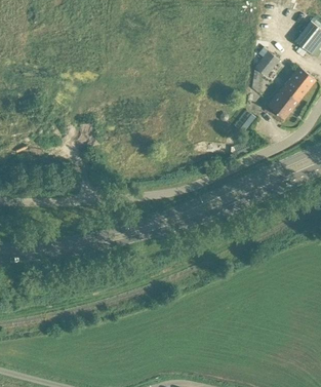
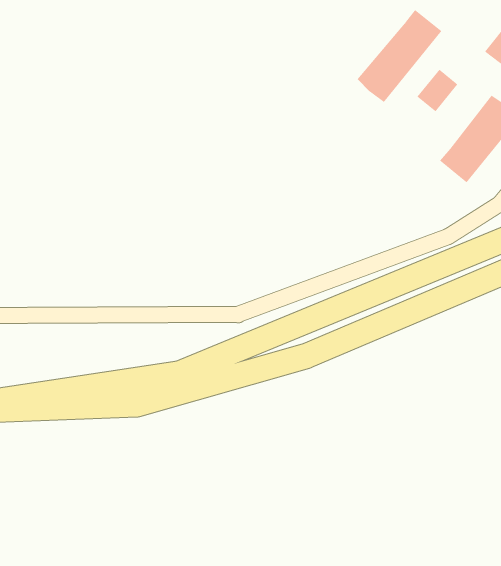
building: none -> [357,9,442,103]

